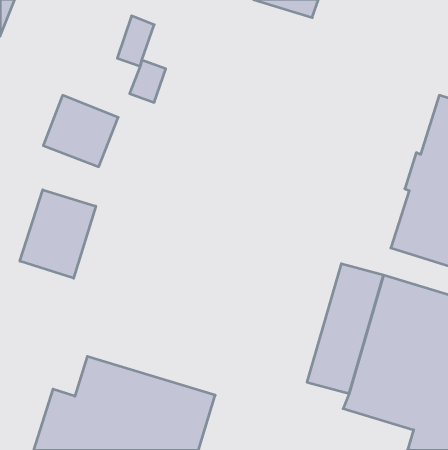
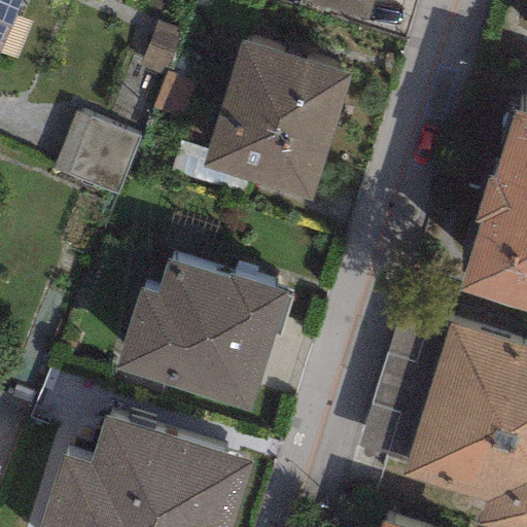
building: none -> [204,39,351,200]
building: [20,190,96,278] -> none
building: none -> [116,259,293,411]

